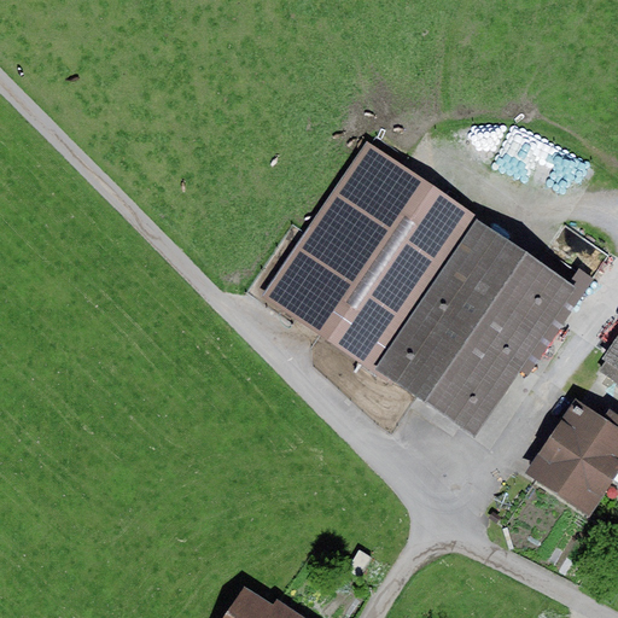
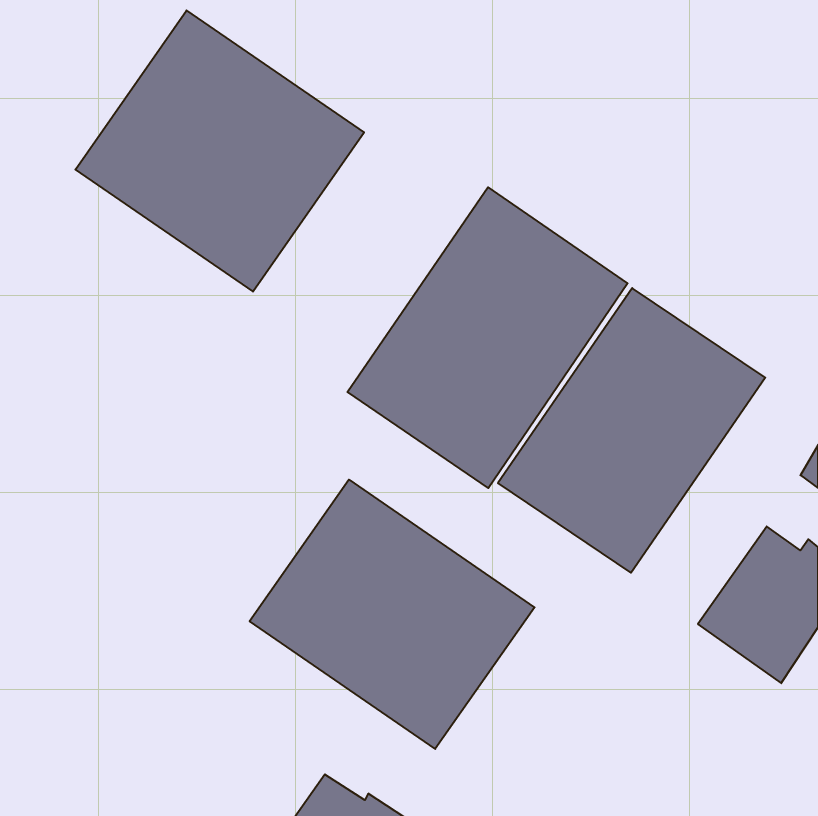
building: none -> [75,10,364,292]
building: none -> [250,480,535,749]

